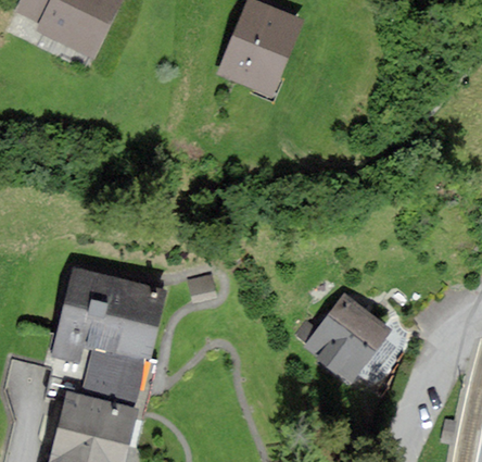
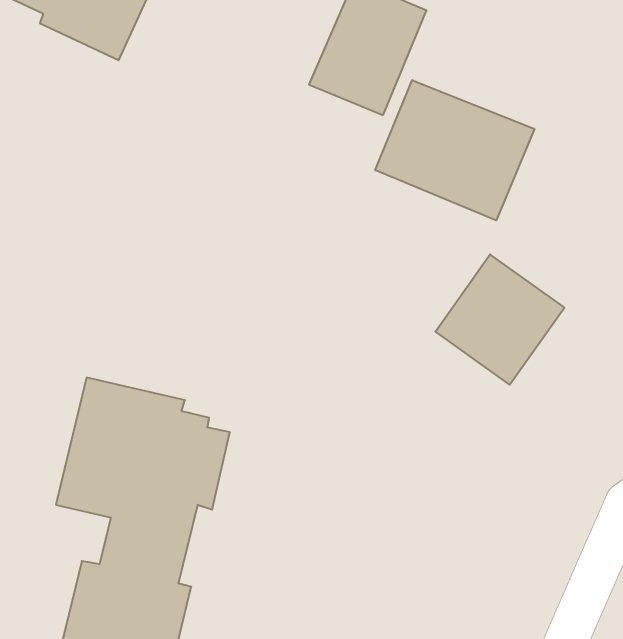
building: none -> [375,80,534,220]
building: [304,294,391,382] -> [435,254,564,385]

